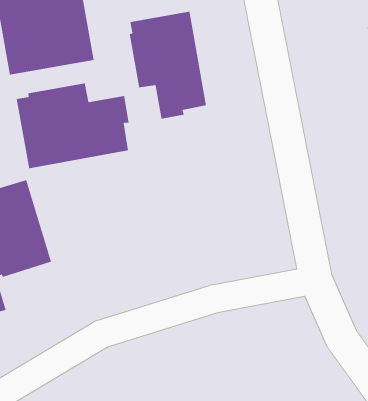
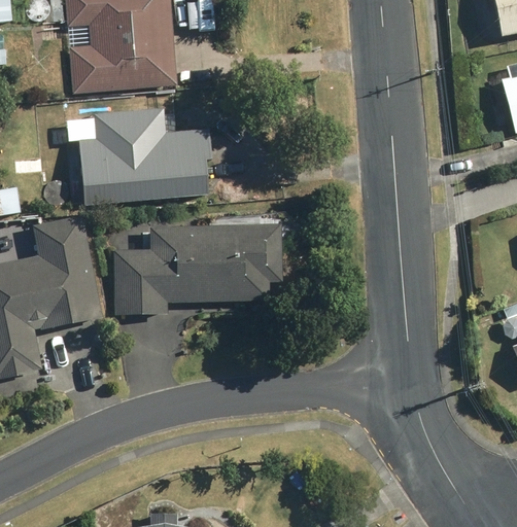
building: [129,11,206,120] -> none
building: none -> [113,226,279,313]

